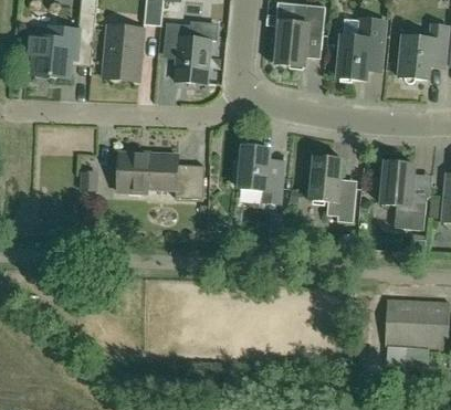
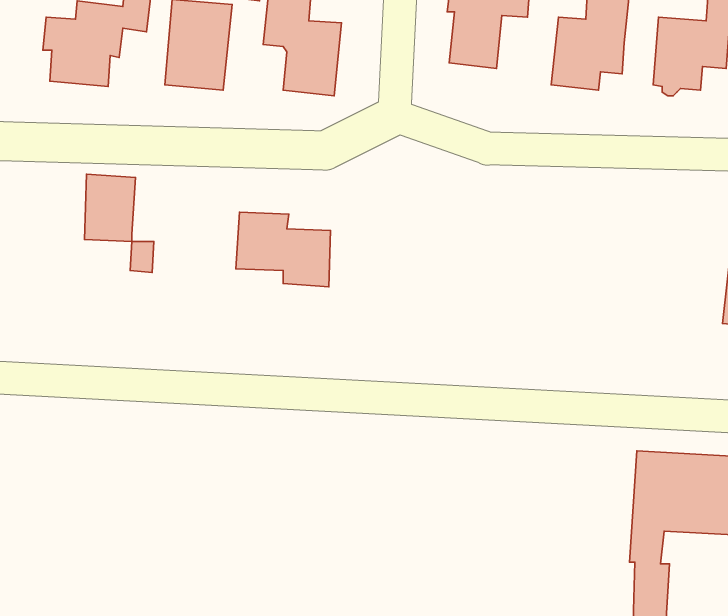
building: [234,145,283,202] -> none
building: [117,151,148,192] -> [85,174,136,241]
building: [308,155,356,222] -> none
building: [381,160,426,229] -> none

